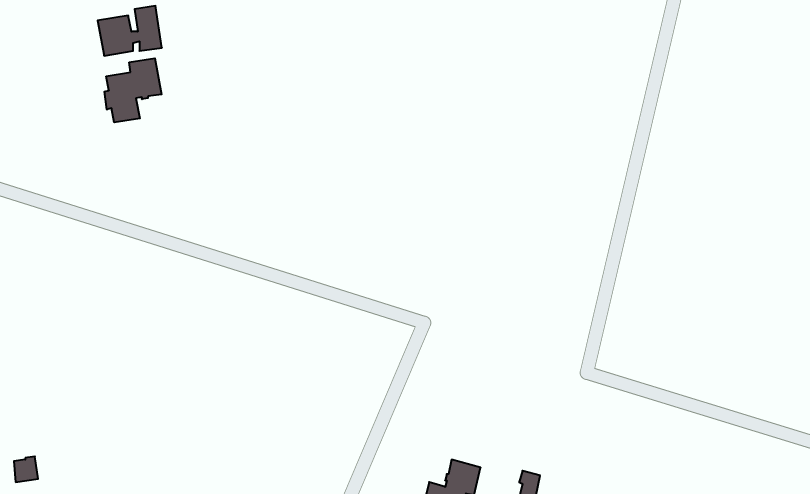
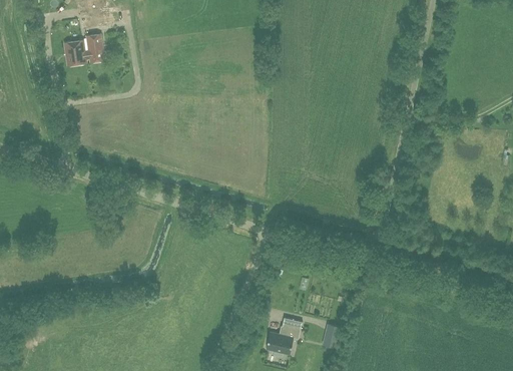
building: [104,58,162,122] -> none

